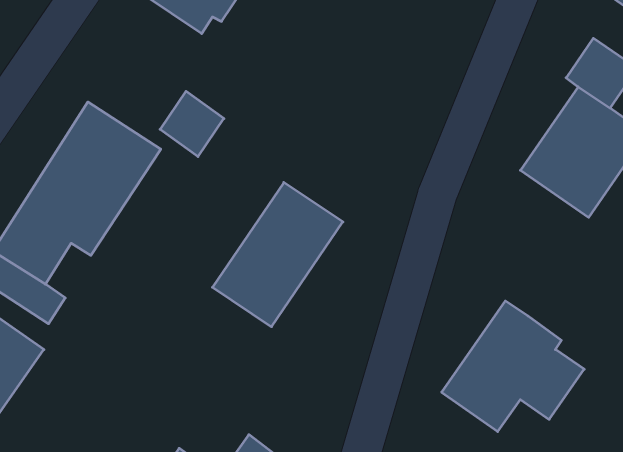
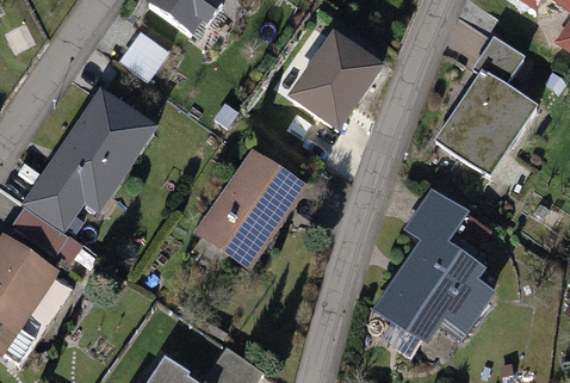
building: none -> [284,29,380,130]
building: [160,91,224,157] -> [117,29,167,80]
building: none -> [404,192,469,253]

